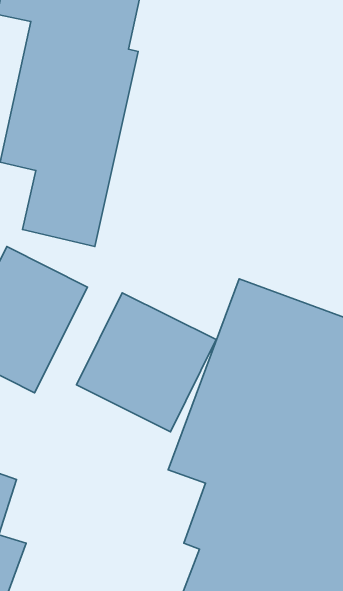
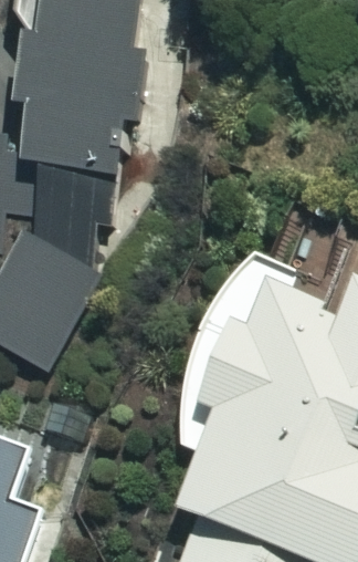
building: [77,293,216,432] -> none

